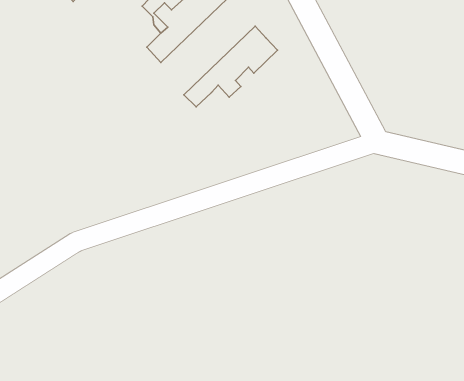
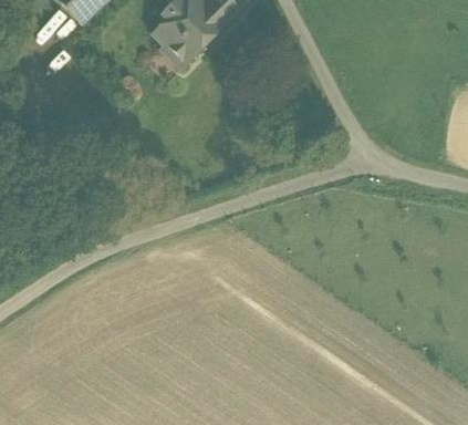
building: [184,26,277,107] -> none

